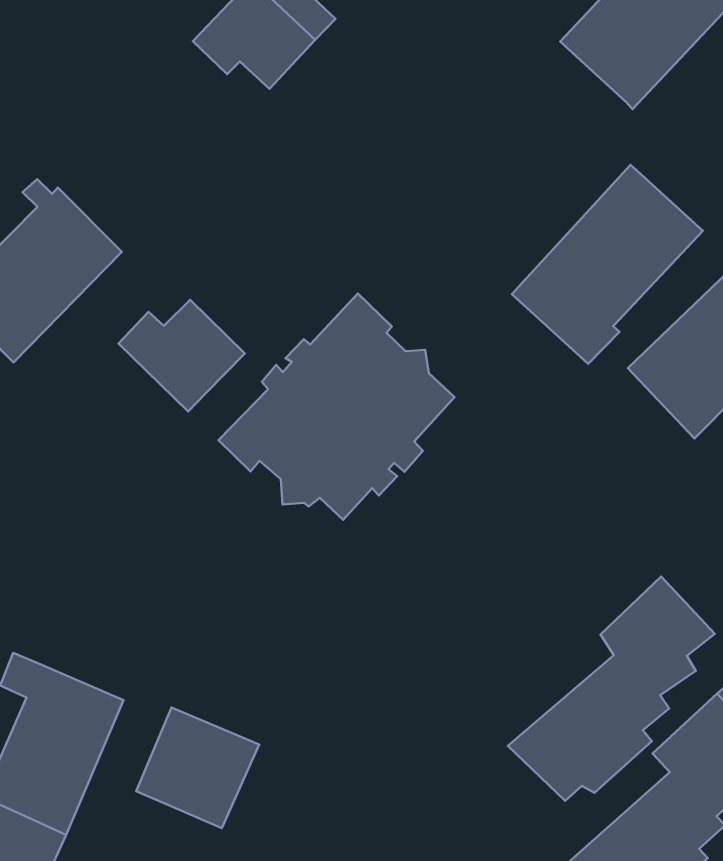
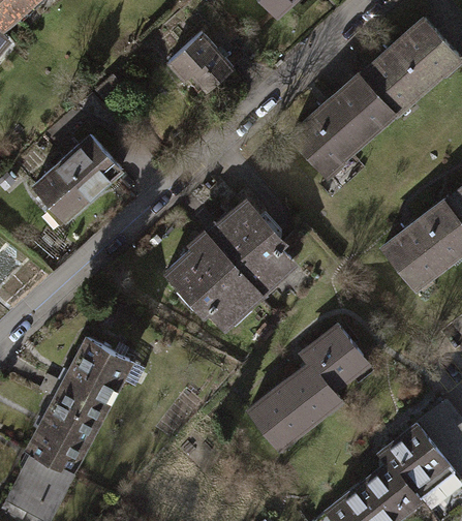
building: [512,165,703,364] -> [289,75,392,178]
building: [118,300,245,412] -> none
building: [508,577,715,801] -> [250,327,363,440]
building: [136,708,259,828] -> [62,341,128,406]

